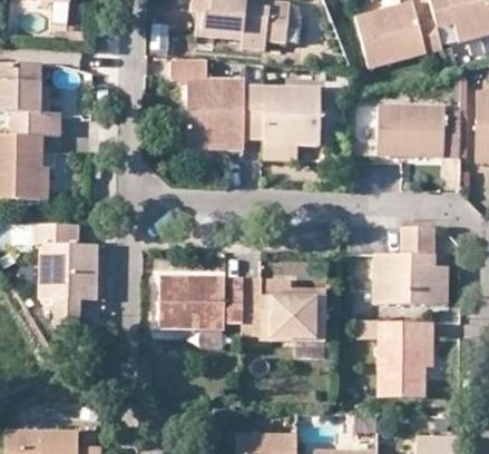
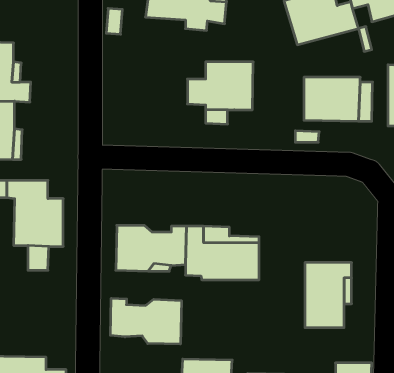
building: [172,59,244,149] -> none
building: [376,226,446,304] -> none
building: none -> [110,298,181,344]

